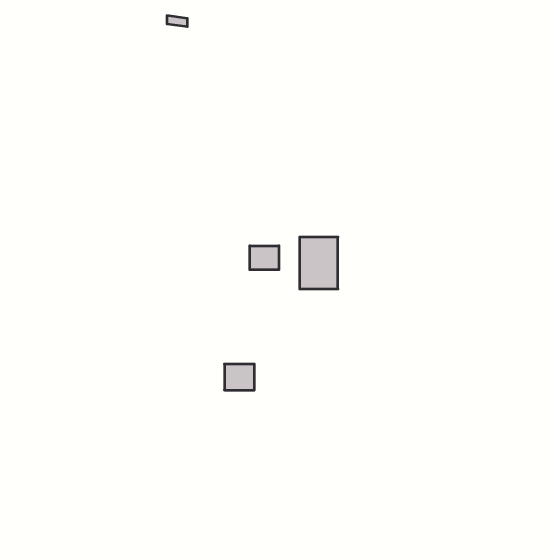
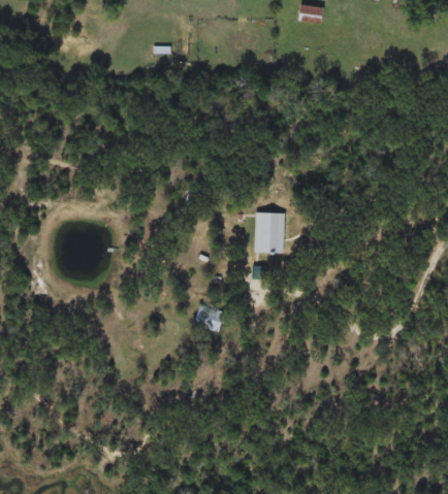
building: [250,246,279,270] -> none

